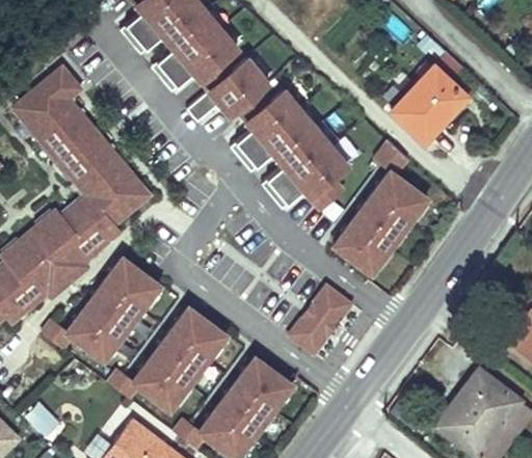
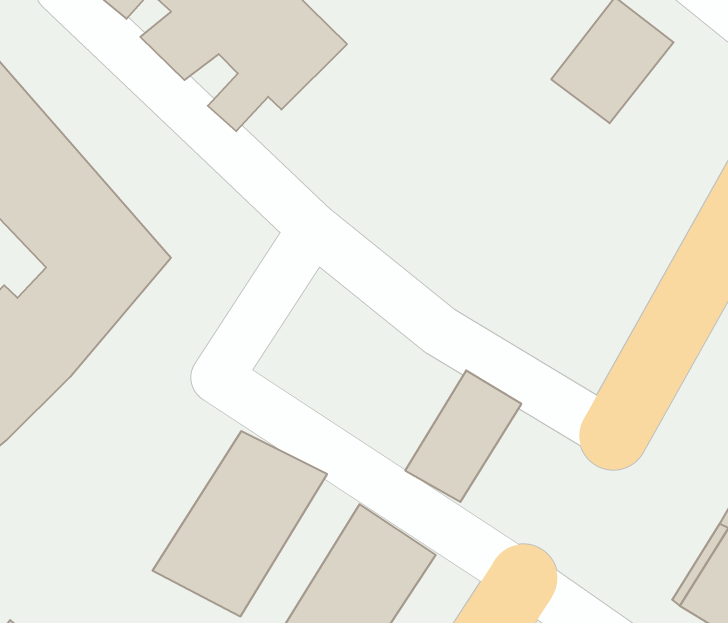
building: [229,85,353,213] -> none
building: [329,139,434,279] -> none
building: [60,257,164,365] -> none

